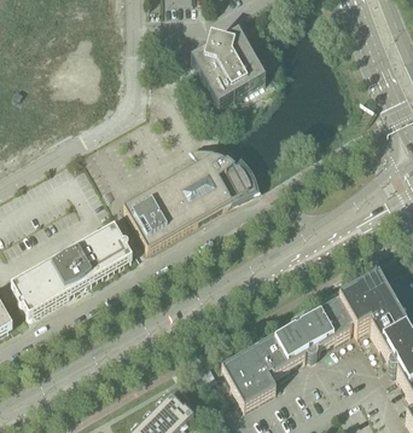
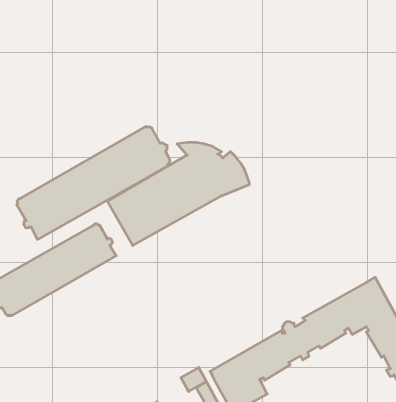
building: [192,29,266,104] -> none
building: none -> [17,126,170,239]

